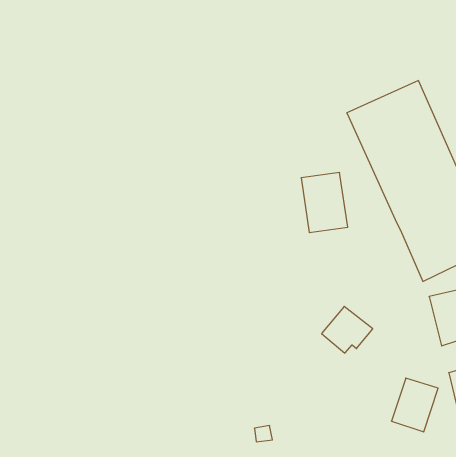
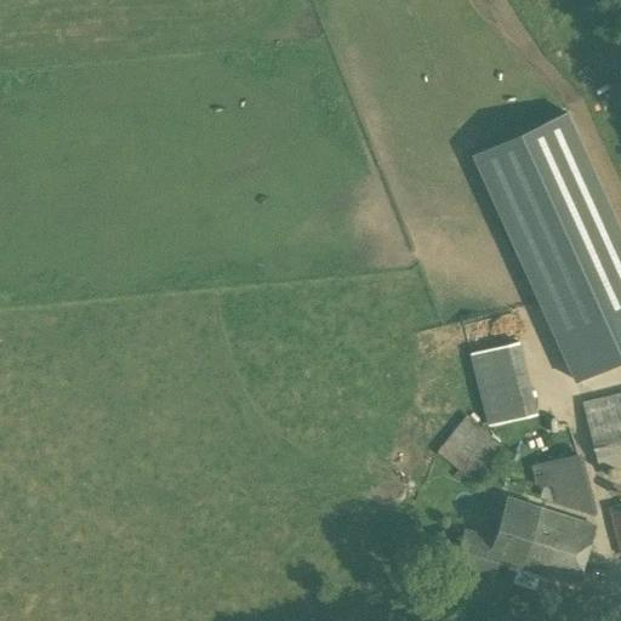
building: [301,173,348,233] -> [475,341,539,422]
building: none -> [532,451,599,514]
building: none -> [454,497,552,577]

